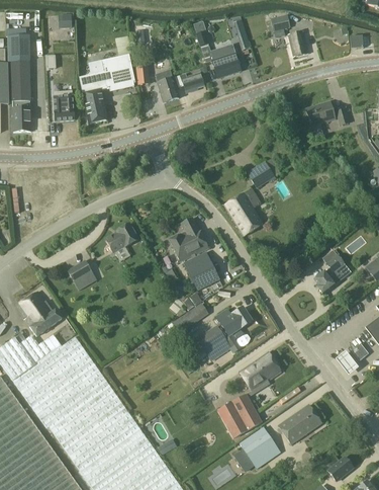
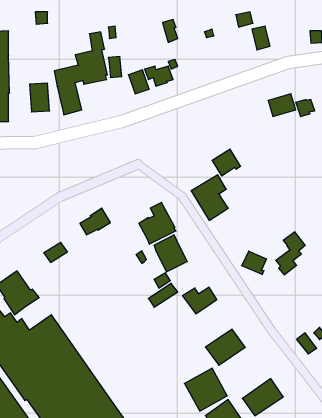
building: [208,53,240,75] -> none
building: none -> [242,251,267,275]
building: [197,327,229,358] -> none

